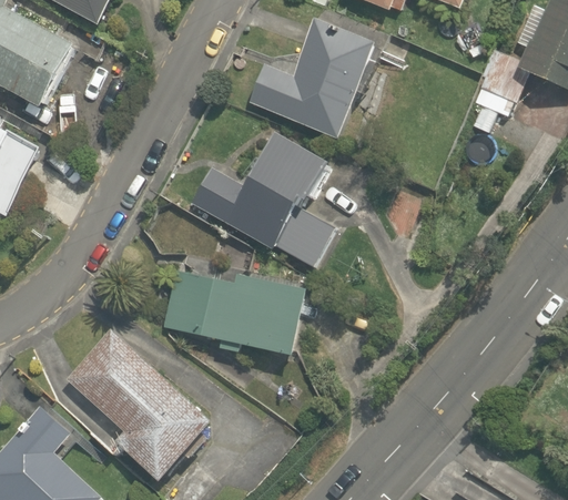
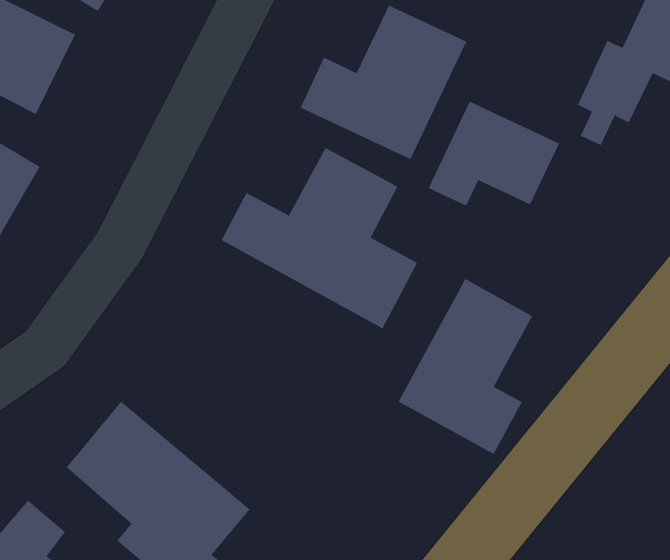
building: none -> [428,101,560,207]
building: none -> [398,278,533,455]
building: [164,261,304,354] -> none

